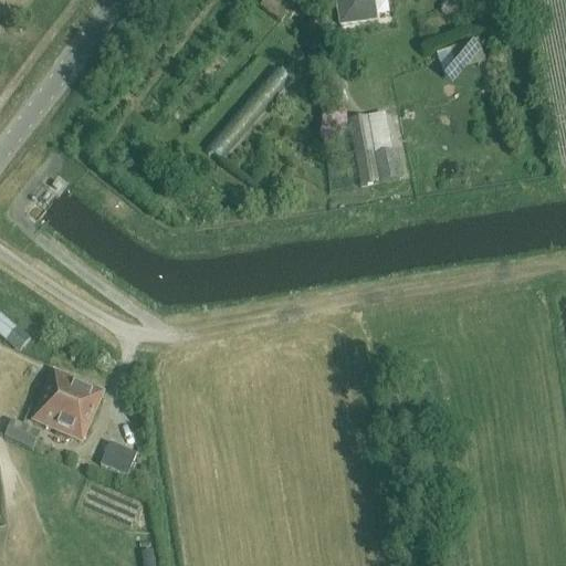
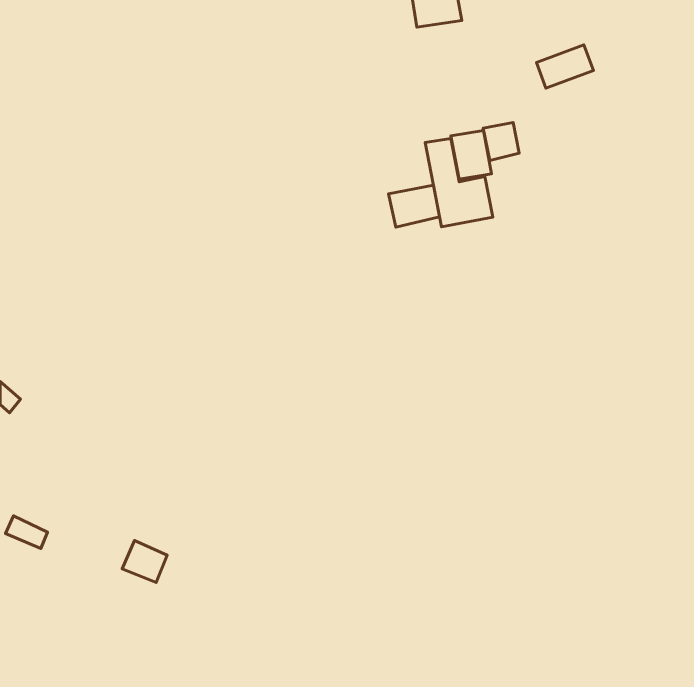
building: none -> [483,123,519,160]
building: none -> [389,185,439,227]
building: [34,370,101,438] -> none

